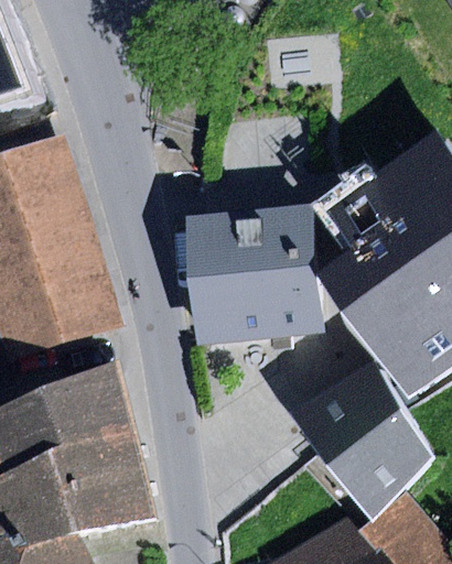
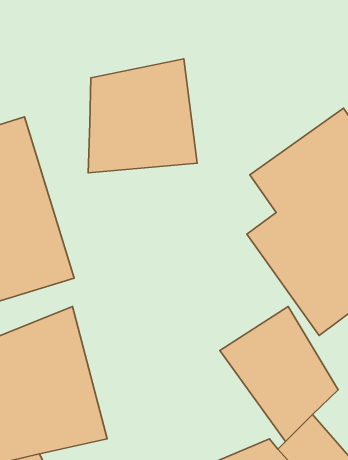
building: none -> [88,59,197,173]
building: [190,208,323,345] -> none

